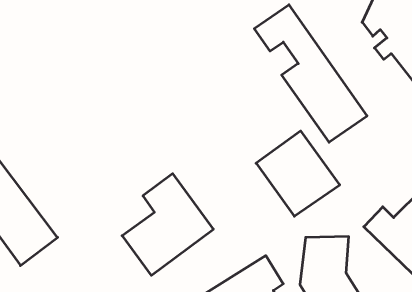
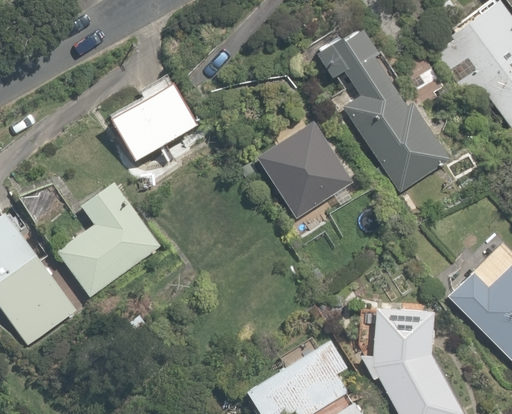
building: none -> [103,82,189,161]
building: [256,131,340,216] -> [254,117,355,220]
building: [122,174,213,275] -> [54,177,164,300]

